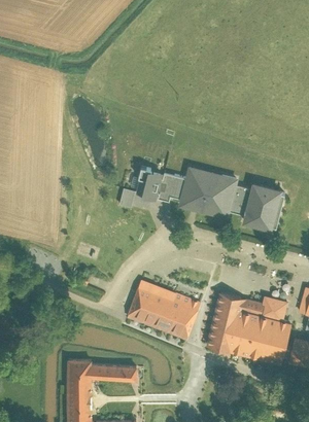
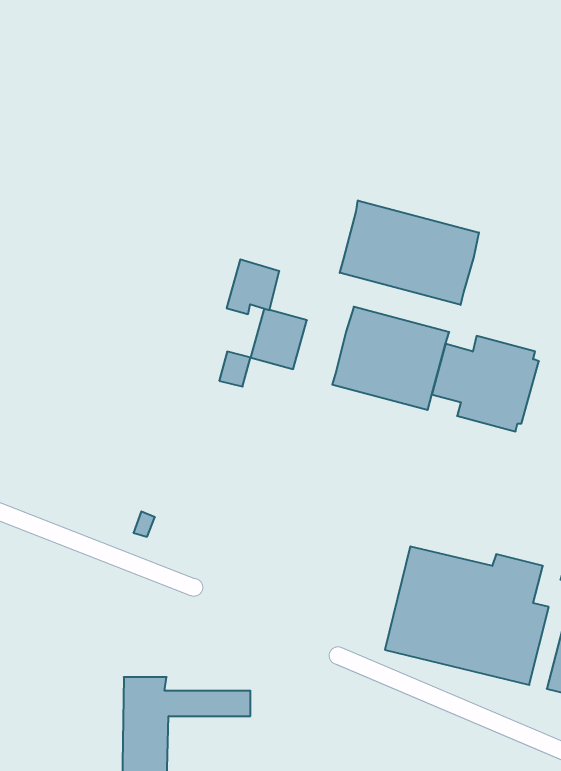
building: none -> [340,200,479,305]
building: [158,172,185,201] -> [227,259,279,314]
building: [127,280,199,340] -> none

